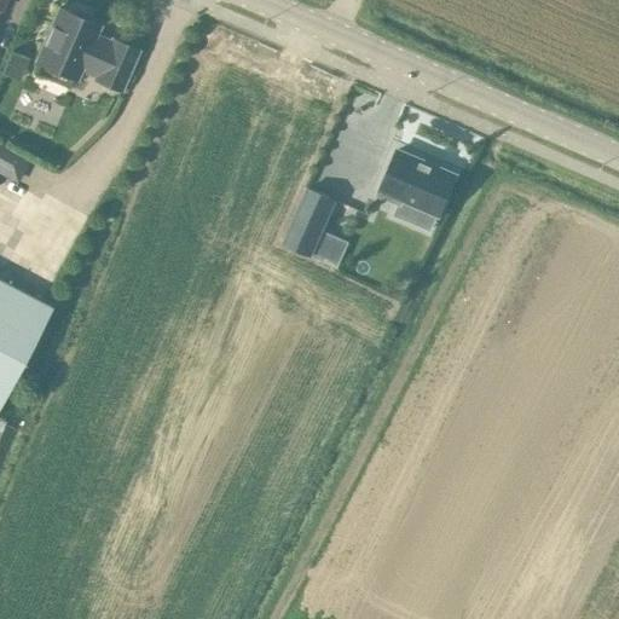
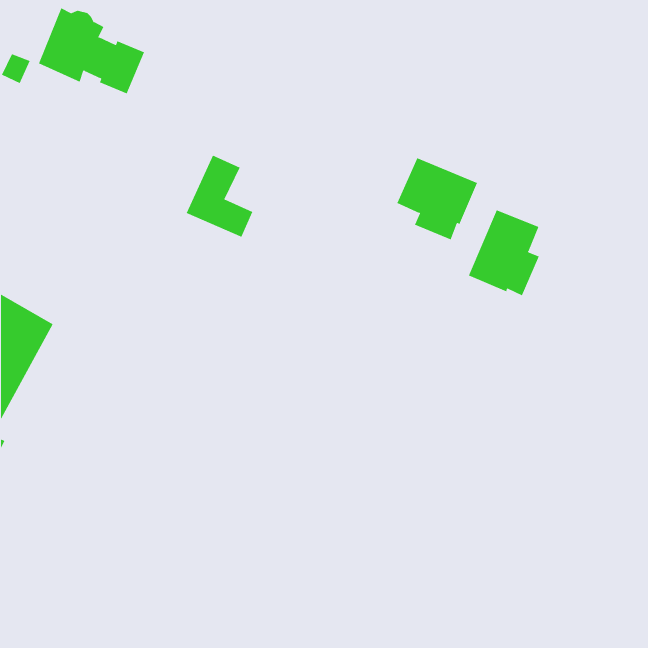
building: [284,189,348,267] -> [186,155,253,237]
building: none -> [468,209,539,296]

